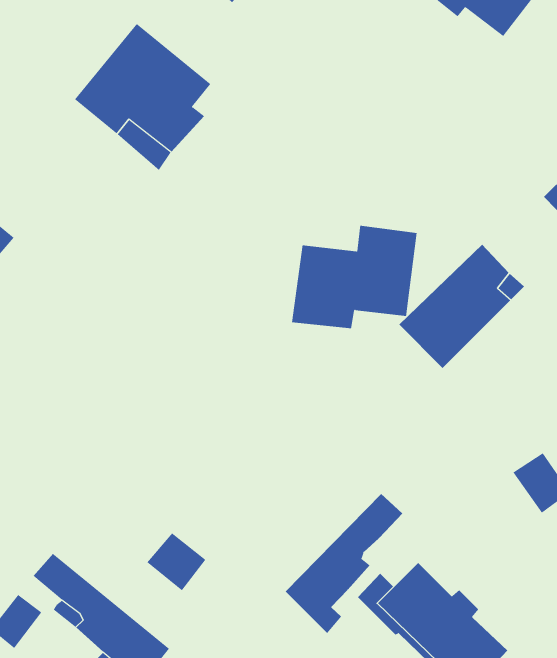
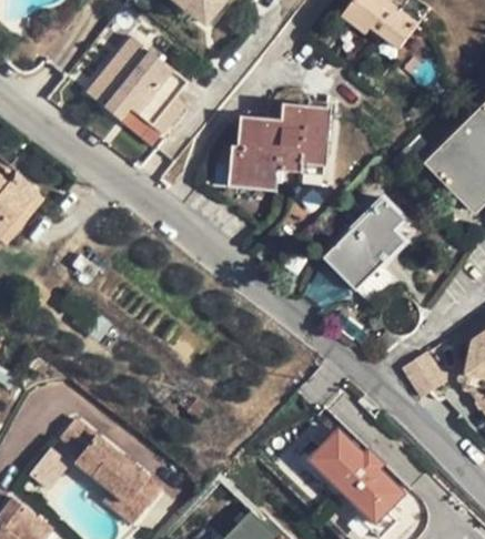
building: [291,225,417,329] -> [236,105,329,181]
building: [285,493,403,634] -> none
building: [147,532,206,591] -> none

